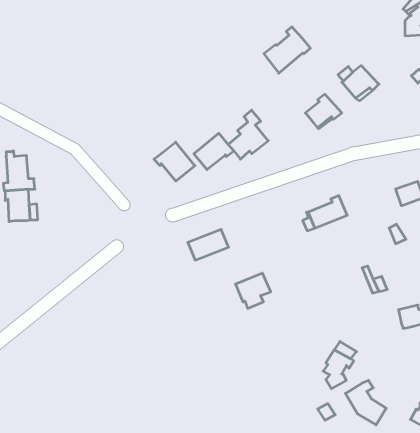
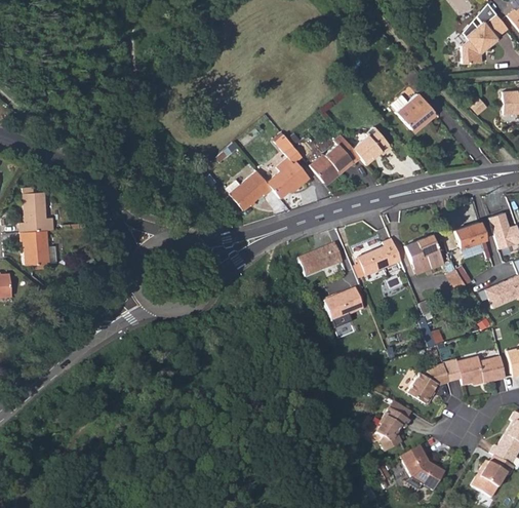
building: [264,27,310,73] -> [312,134,363,186]
building: [154,142,195,181] -> none
building: none -> [404,235,442,273]
building: [188,229,229,260] -> [296,243,342,277]
building: [235,273,271,308] -> [321,286,360,325]
building: none -> [406,358,460,404]

